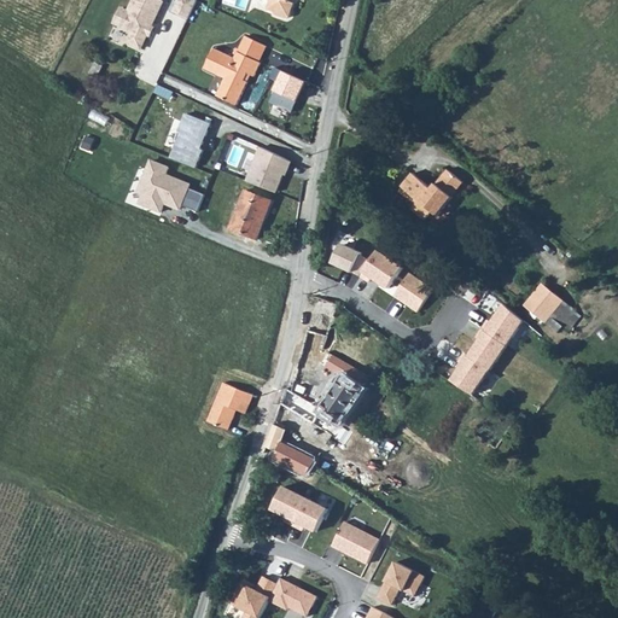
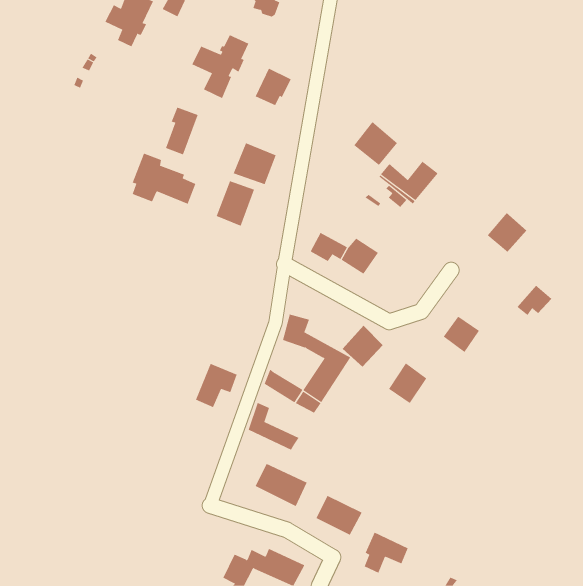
building: none -> [353,121,398,166]
building: [395,273,435,311] -> none
building: [521,280,564,322] -> [487,212,527,252]
building: [482,305,524,348] -> none
building: none -> [342,325,384,368]
building: [448,354,489,397] -> [388,363,427,404]

